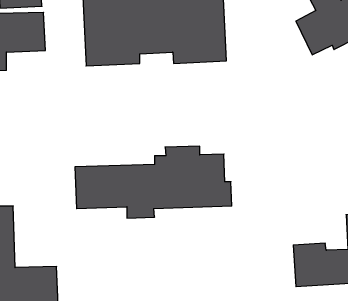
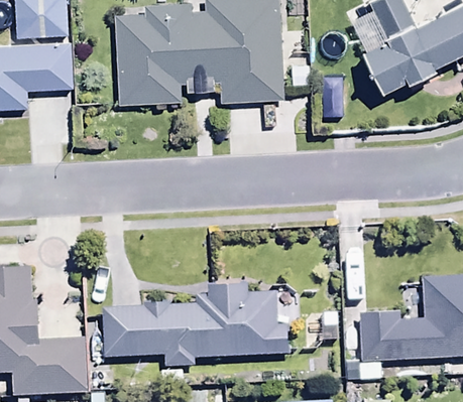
building: [75,146,232,218] -> [102,283,284,367]

